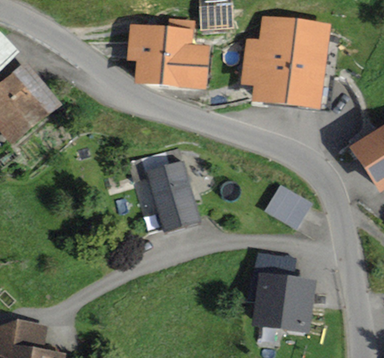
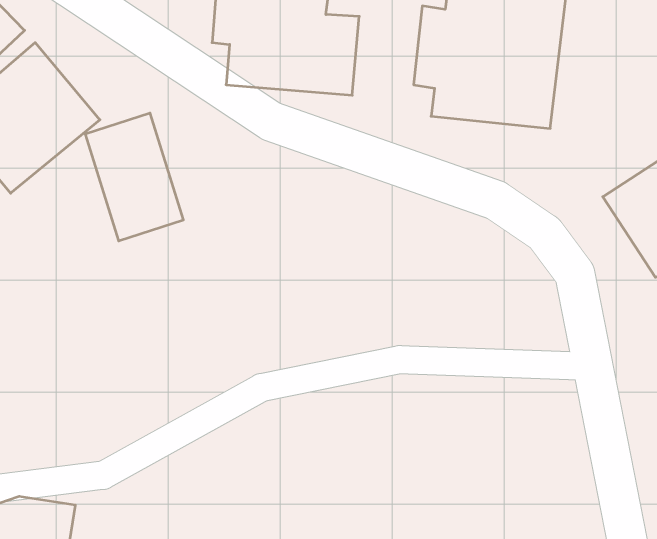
building: [146,157,202,230] -> [85,113,183,241]
building: [264,182,312,230] -> none
building: [251,270,316,333] -> none

